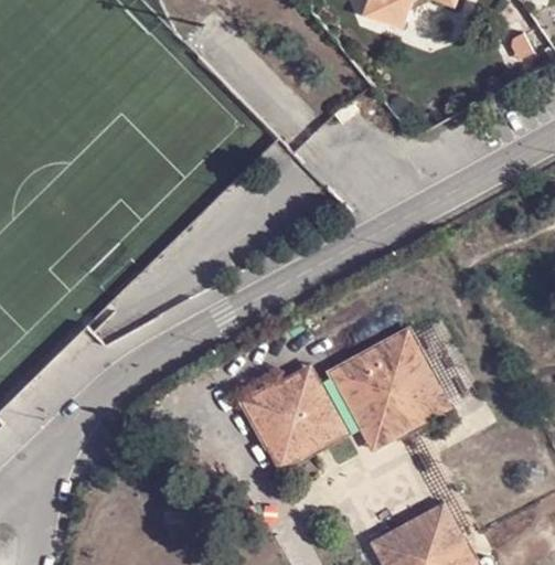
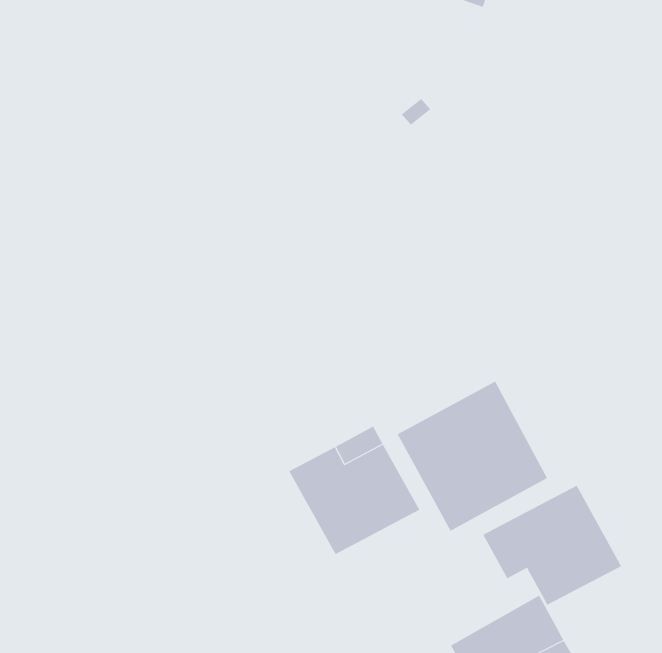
building: none -> [482,485,622,605]

